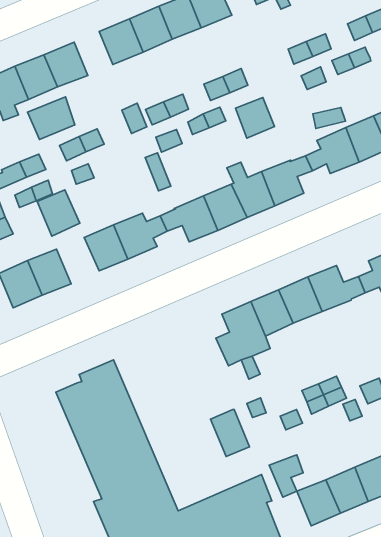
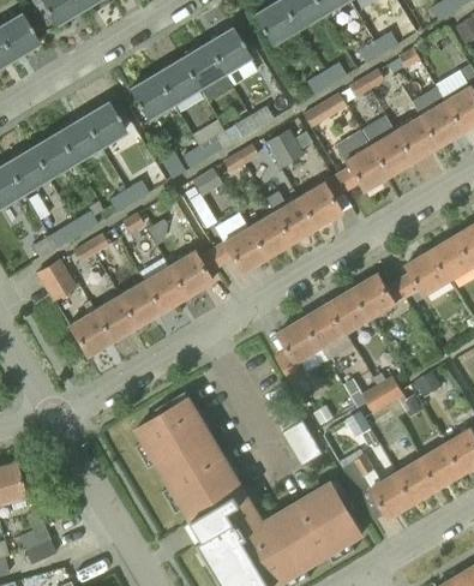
building: [28,97,75,139] -> none
building: [37,190,80,236] -> [119,282,161,327]

